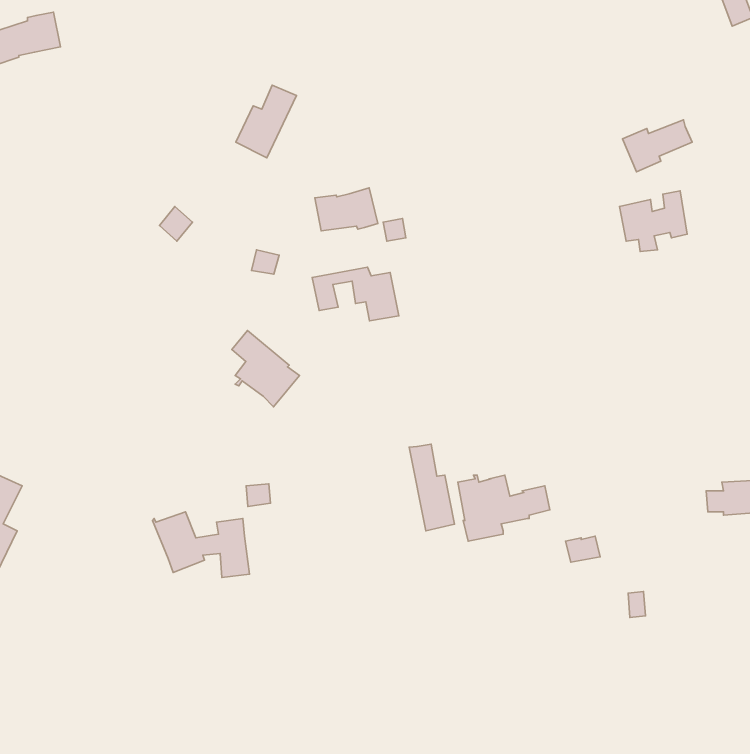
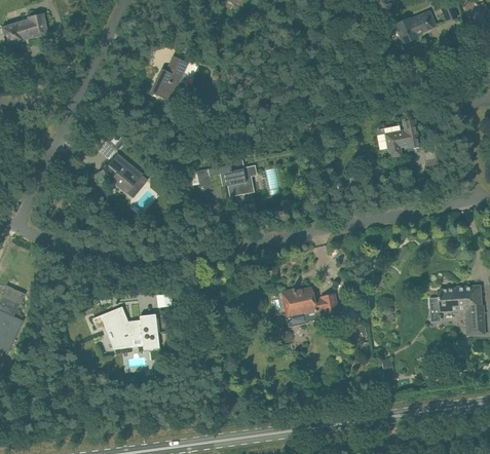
building: [623,120,692,172] -> [394,12,436,43]
building: [315,188,378,231] -> none
building: [232,330,300,407] -> [108,153,148,198]
building: [409,444,455,531] -> none

